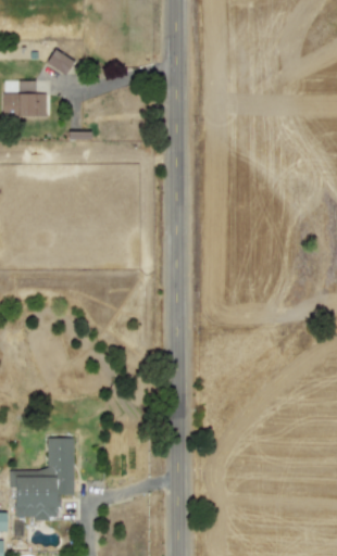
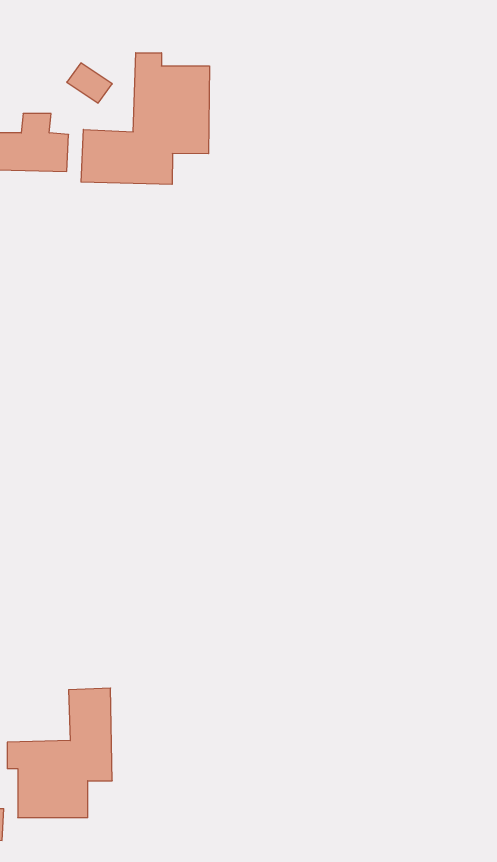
building: none -> [81,53,209,184]

